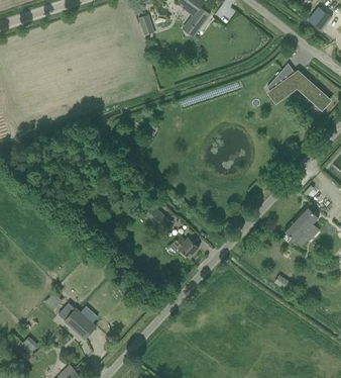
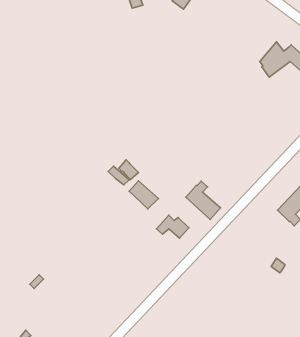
building: none -> [186,181,220,220]
building: [65,308,96,339] -> none

